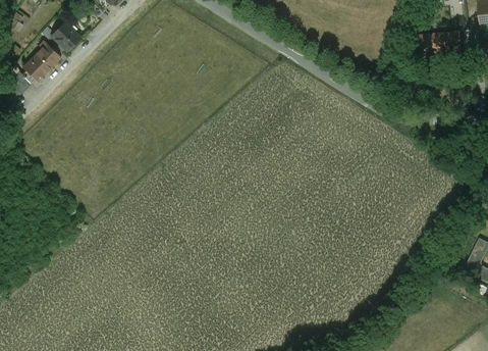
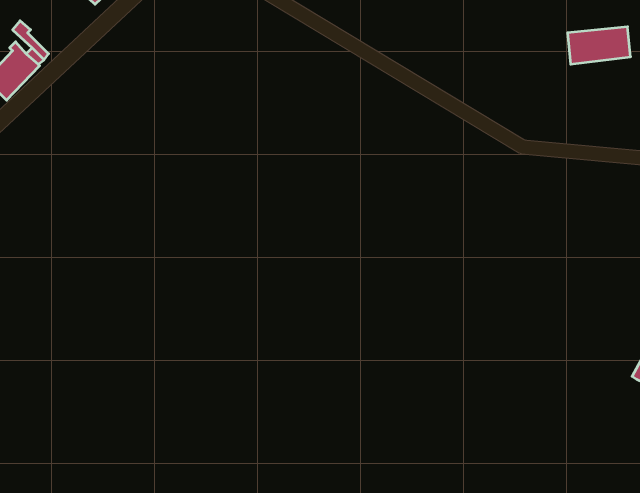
building: [54,21,82,49] -> none

